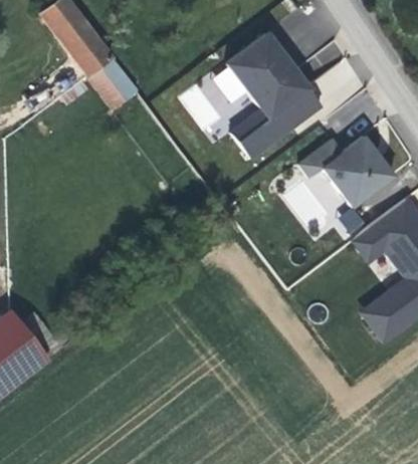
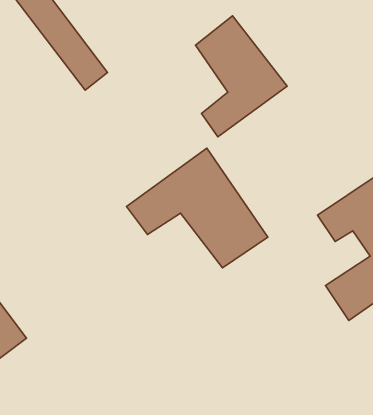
building: [297,131,395,207] -> none
building: none -> [127,148,268,268]

